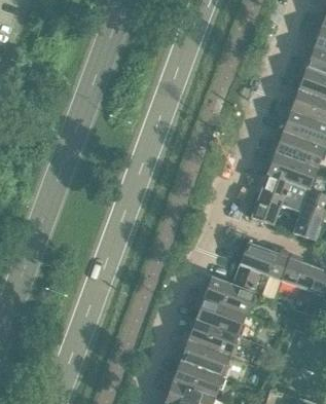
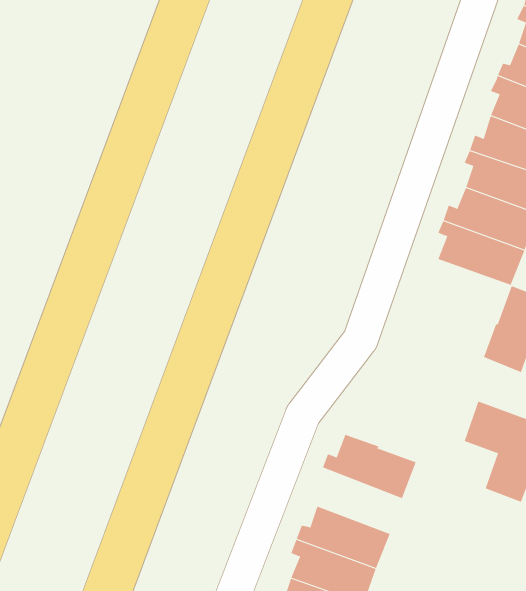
building: [251,175,310,226] -> none
building: [231,243,290,294] -> none
building: [195,297,246,336] -> none

